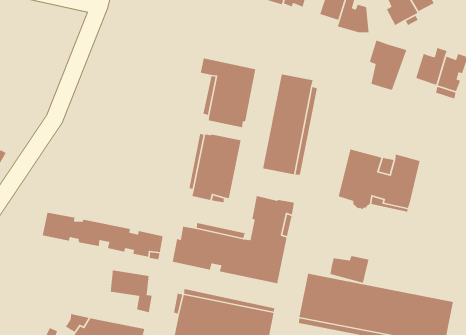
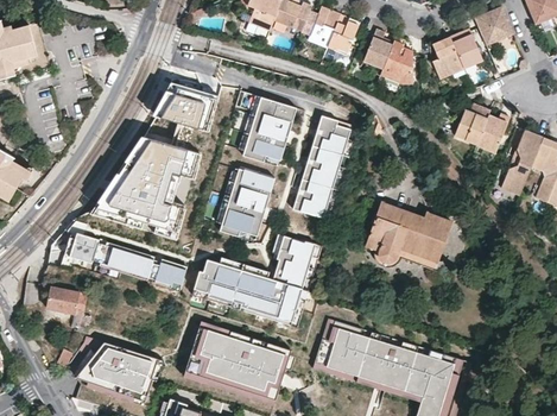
building: [369,39,407,91] -> none
building: none -> [94,80,222,238]
building: [329,255,370,284] -> none
building: [110,270,152,313] -> [44,285,87,333]

